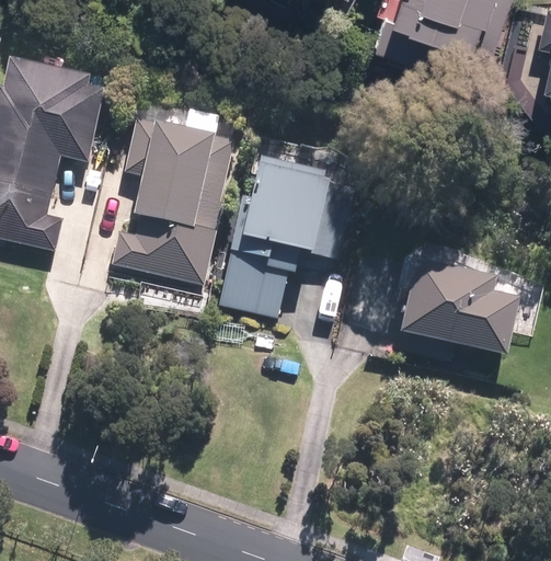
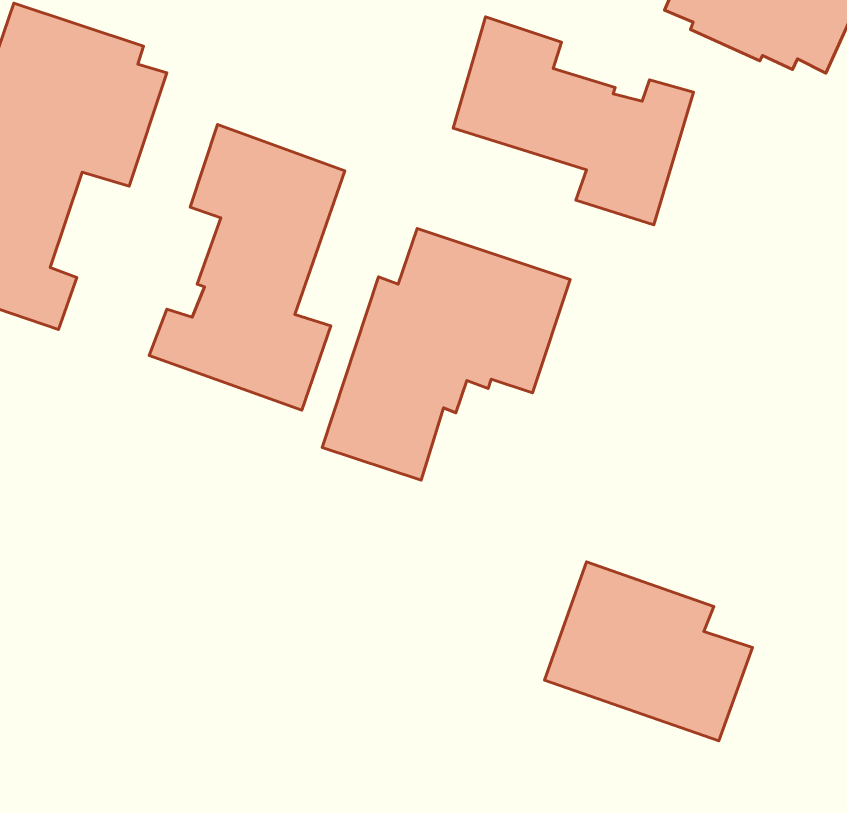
building: none -> [453,17,693,225]
building: [401,259,521,356] -> [544,562,753,741]

